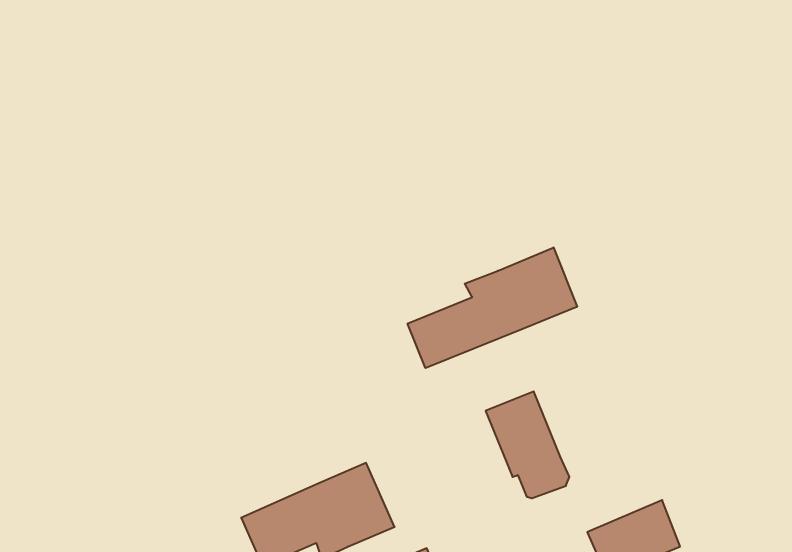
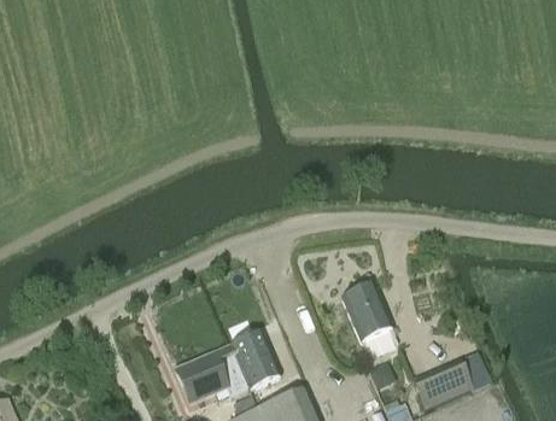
building: [408,247,577,368] -> none

